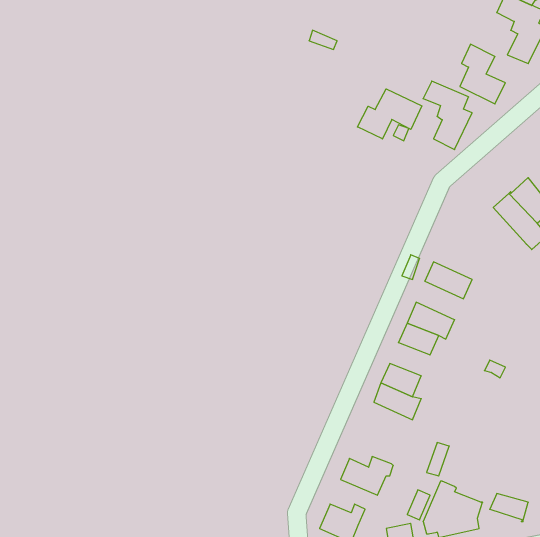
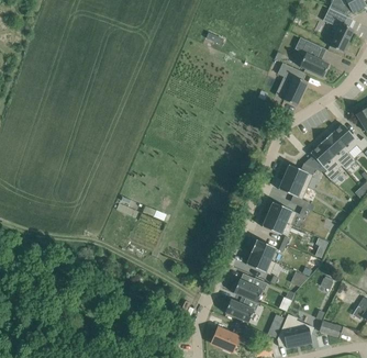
building: [357,89,422,139] -> none
building: none -> [310,142,342,180]
building: none -> [283,163,316,187]
building: none -> [233,278,267,302]

